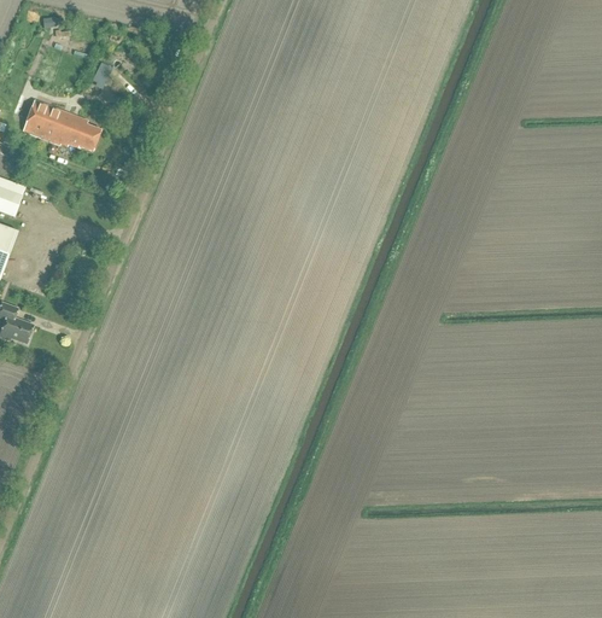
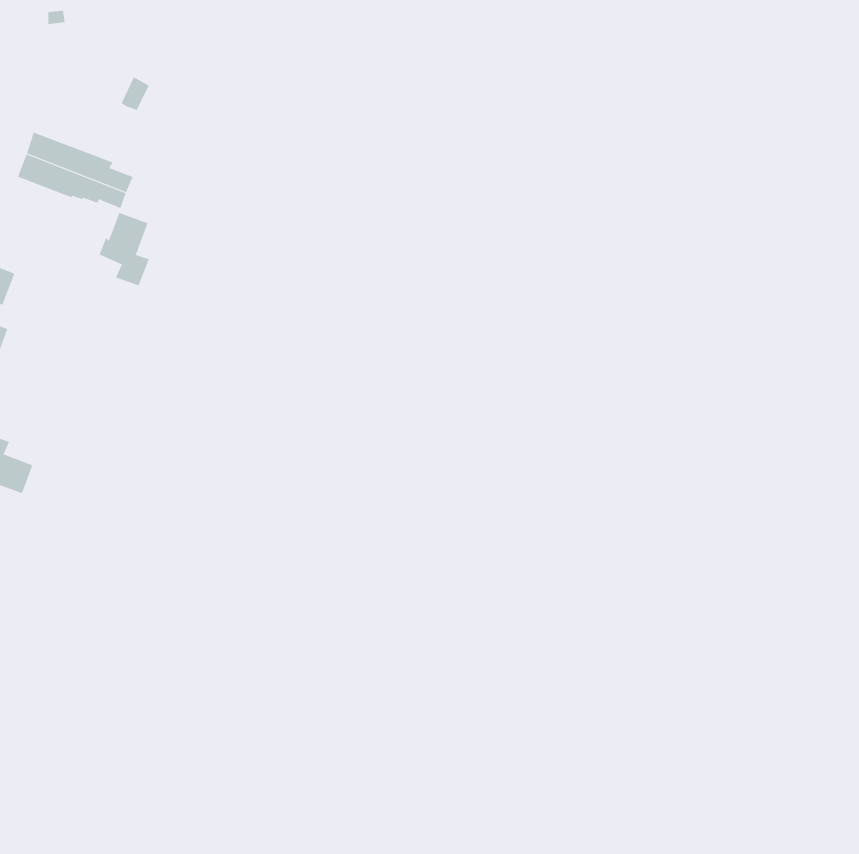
building: none -> [99,212,150,286]

